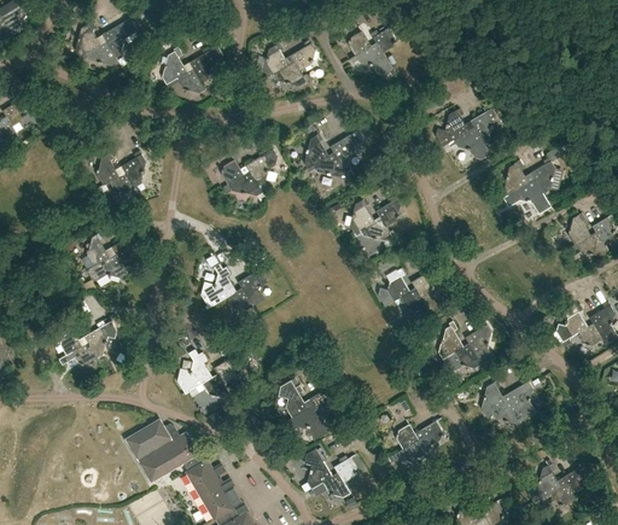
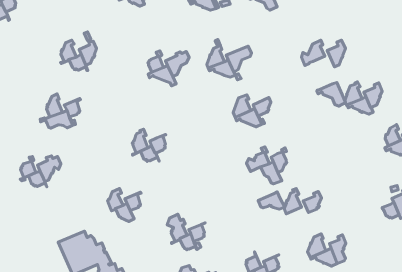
building: [447,128,489,161] -> [317,83,345,106]
building: [553,305,587,345] -> none
building: [442,344,480,369] -> [258,192,285,209]

